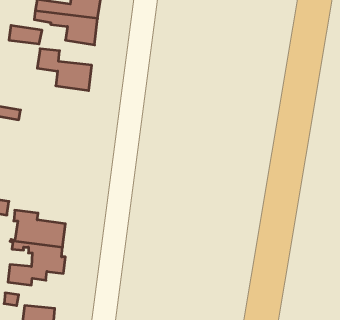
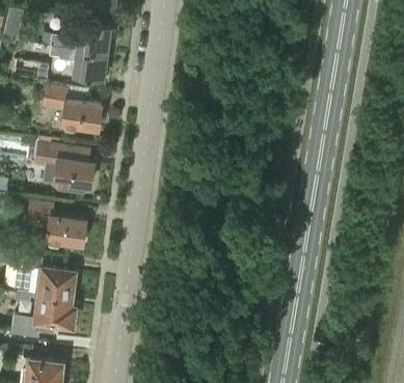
building: none -> [36,142,95,193]
building: none -> [28,200,86,245]

